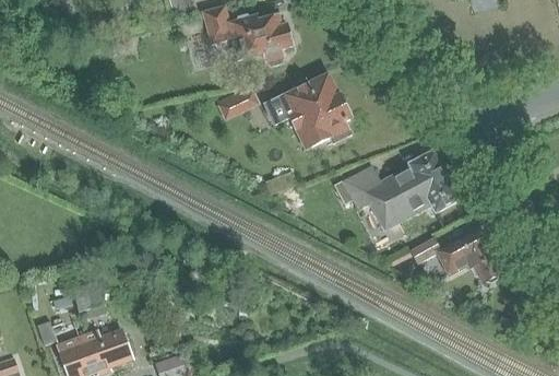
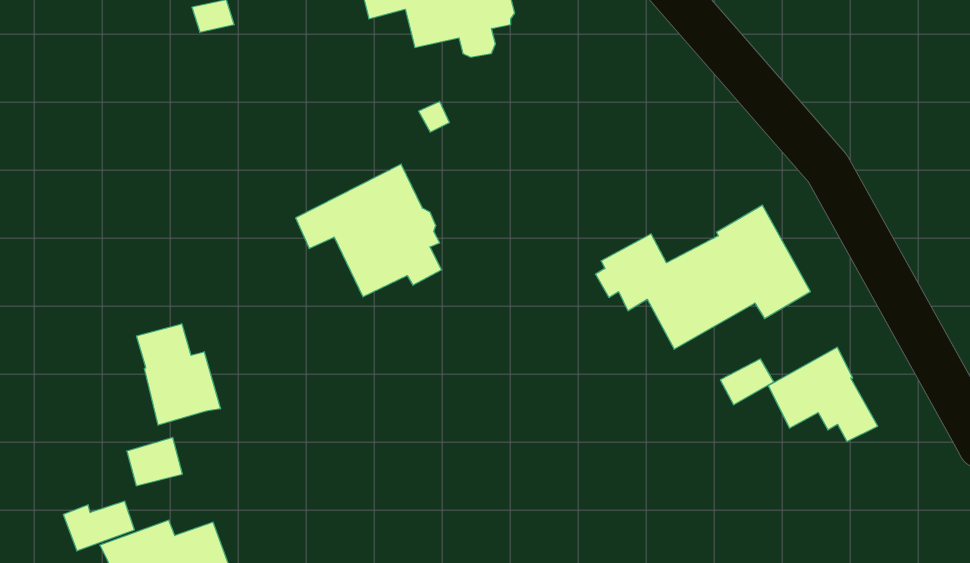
building: [264,74,347,150] -> [296,164,442,297]
building: none -> [136,324,220,425]

